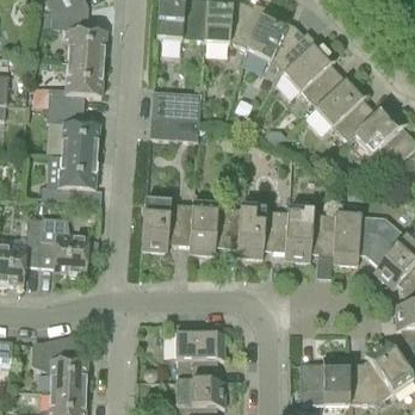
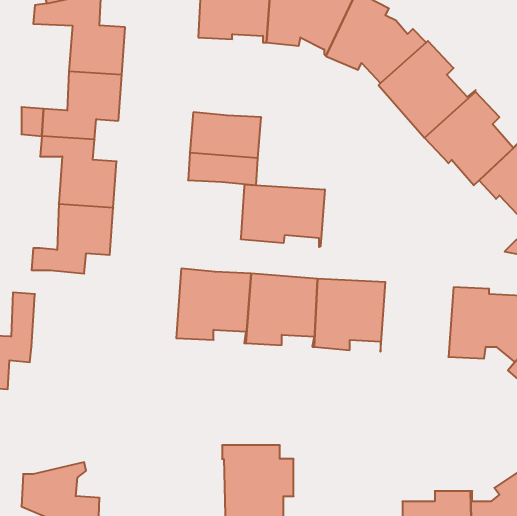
building: none -> [241,185,325,247]
building: [284,210,335,262] -> none
building: [38,218,98,275] -> none

